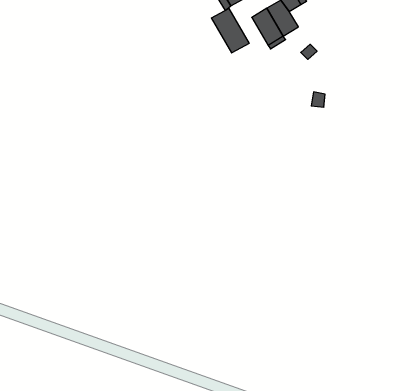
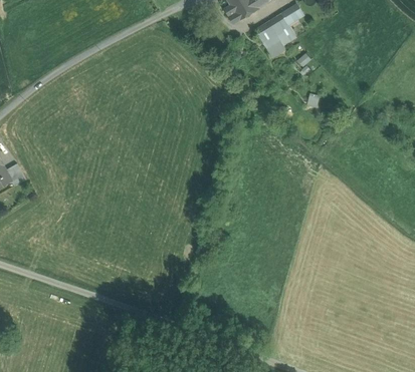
building: [211,8,249,53] -> none

